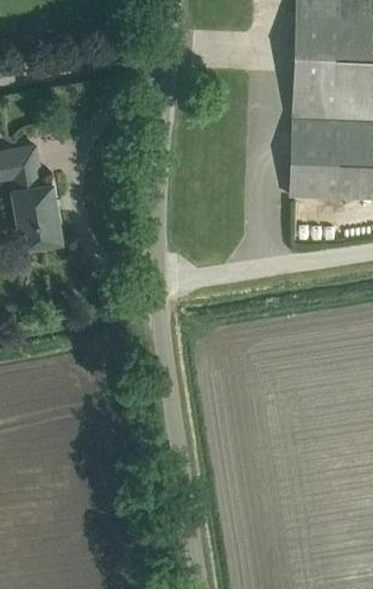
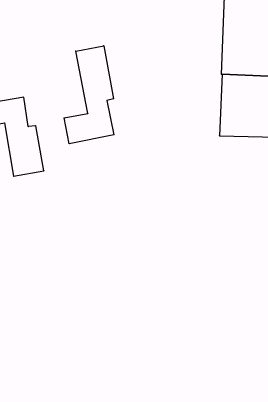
building: none -> [64,46,114,144]

